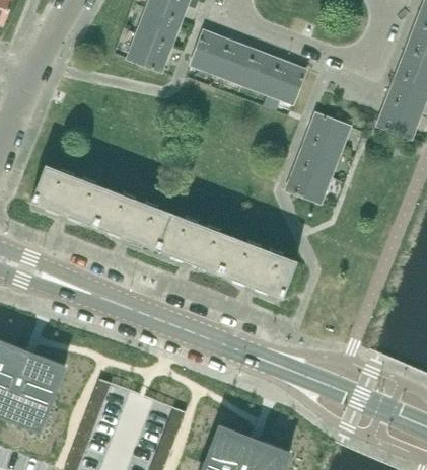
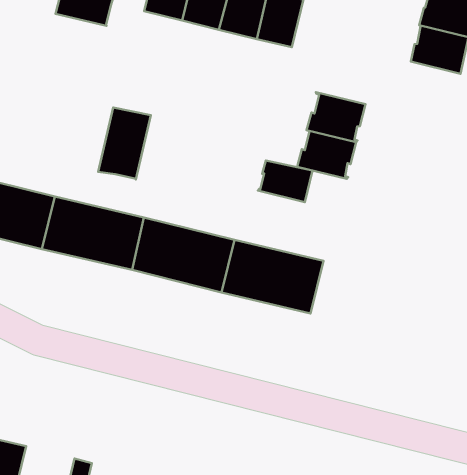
building: [305,113,350,152] -> none
building: none -> [98,108,151,179]
building: none -> [258,160,312,202]

